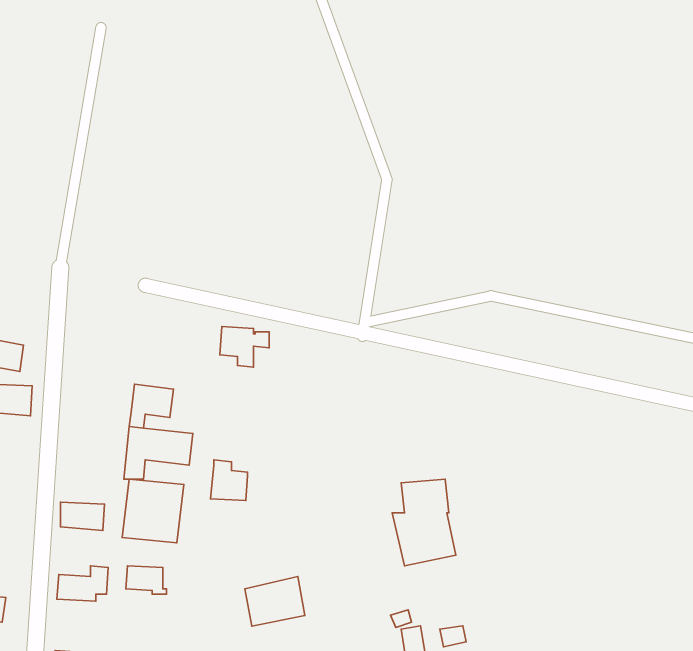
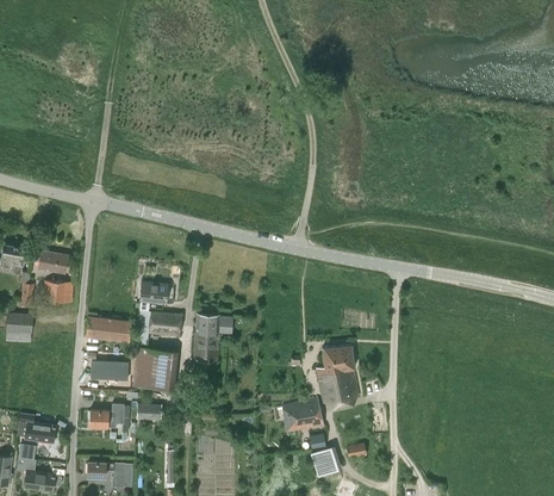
building: [220,327,269,367] -> [195,314,229,341]
building: none -> [86,317,132,341]
building: [245,577,305,626] -> [282,399,323,433]

